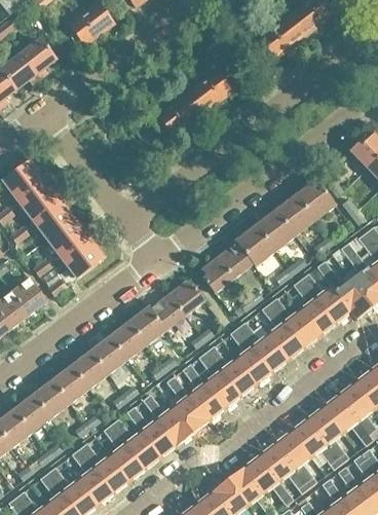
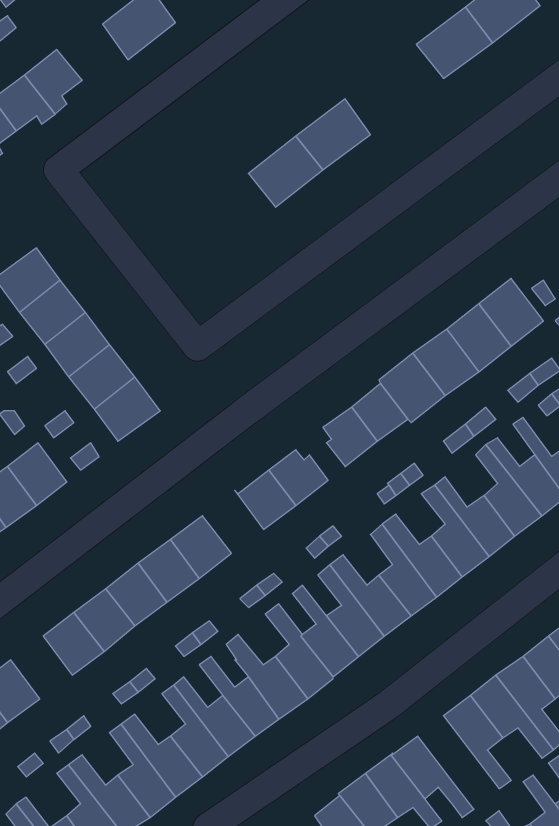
building: [128,307,165,345] -> none
building: [12,396,49,434] -> none
building: [259,444,308,493] -> none

